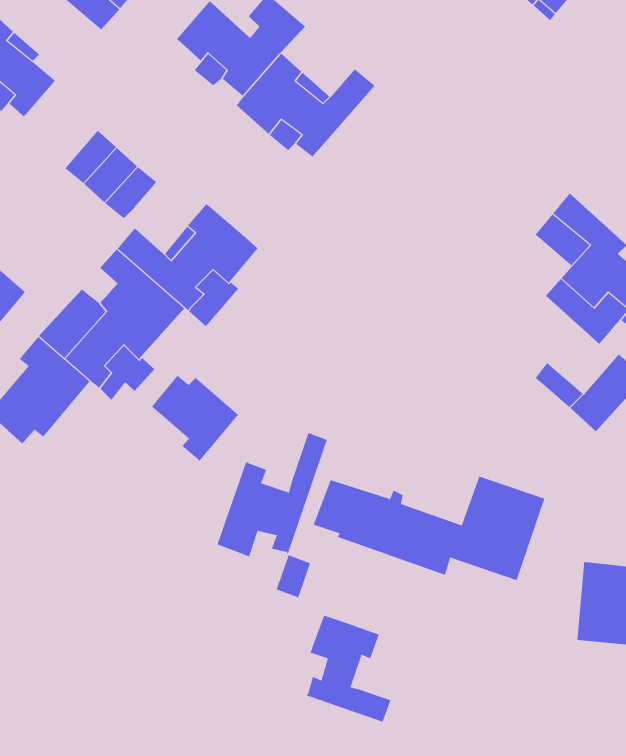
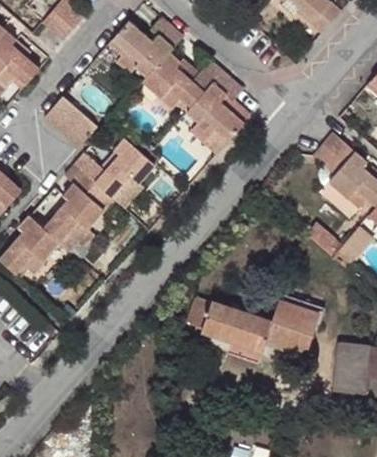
building: none -> [186,71,243,145]
building: [151,375,239,461] -> none
building: [217,432,327,557] -> none
building: [306,615,391,722] -> none

